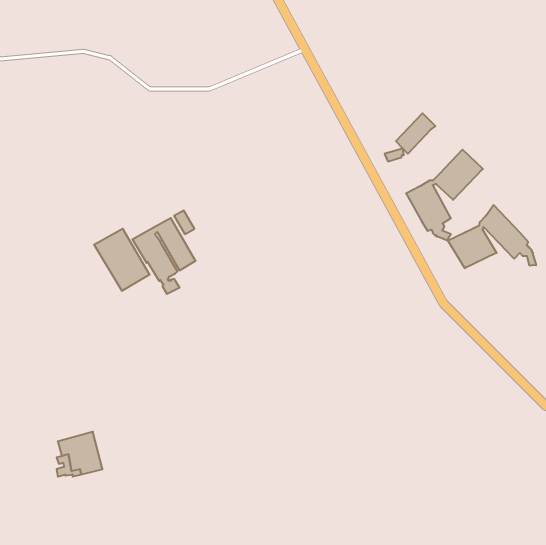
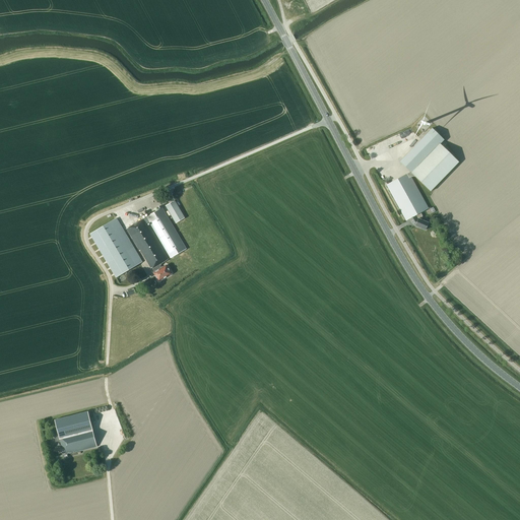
building: [396,113,435,154] -> [406,127,444,166]
building: [448,205,536,268] -> none

